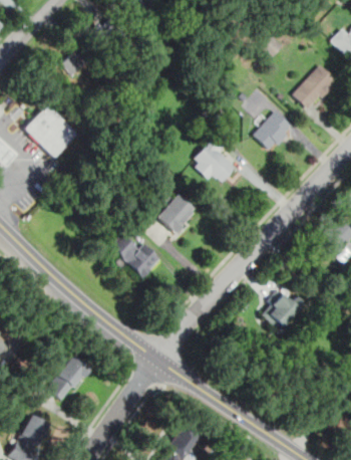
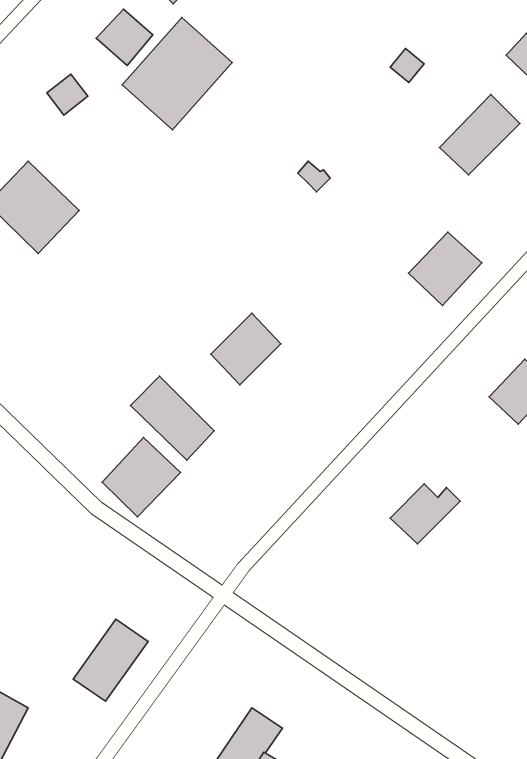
building: none -> [122,18,232,130]
building: [253,110,296,154] -> [408,232,482,306]
building: [190,137,237,182] -> none
building: none -> [102,437,180,517]
building: [47,355,91,403] -> [73,619,148,701]

